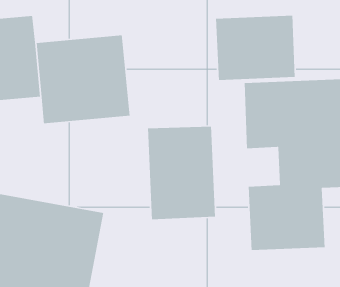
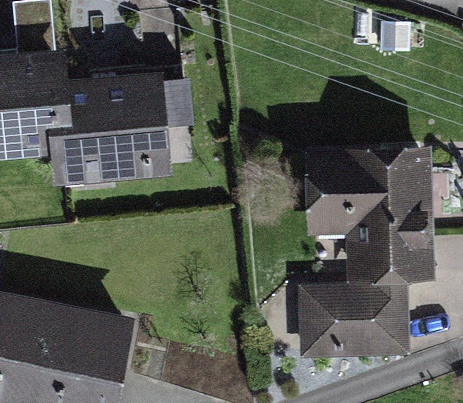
building: [215,15,295,81] -> none
building: [147,126,216,220] -> none

